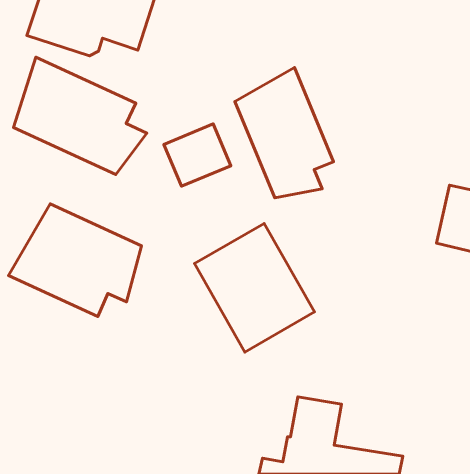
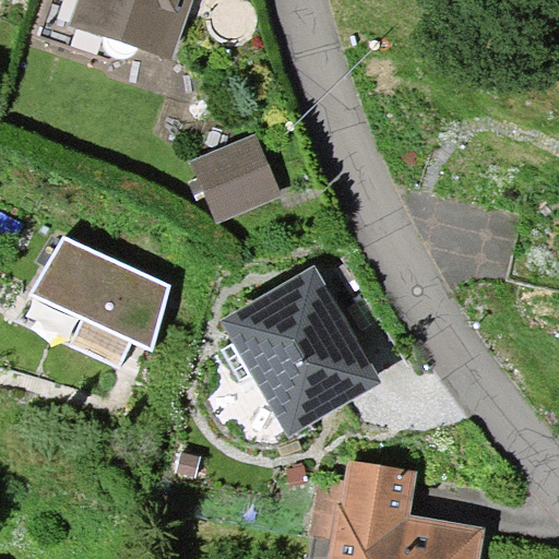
building: [13,57,147,175] -> none
building: [235,68,334,198] -> none

